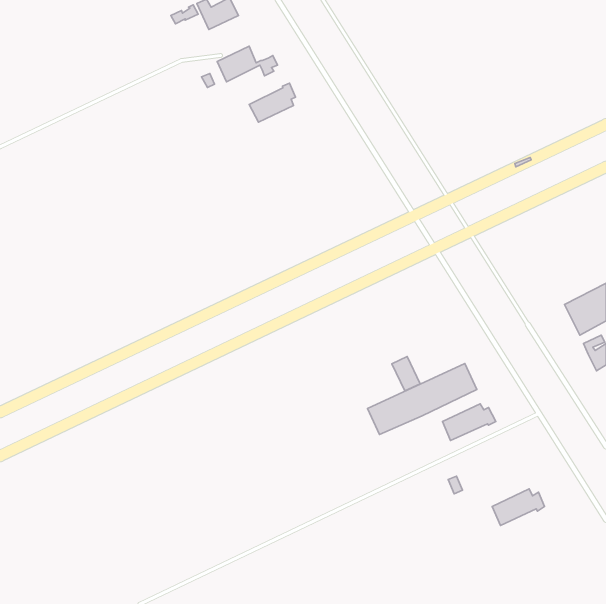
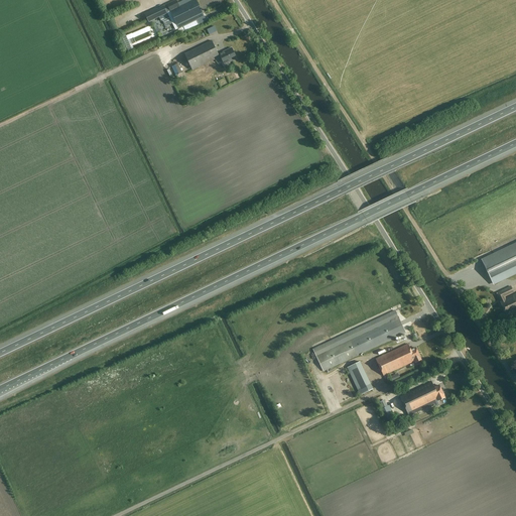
building: [249,83,296,122] -> none
building: [392,357,420,391] -> [348,362,372,391]
building: [492,489,544,525] -> [400,381,444,412]

